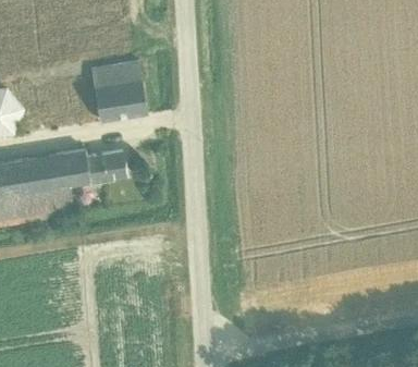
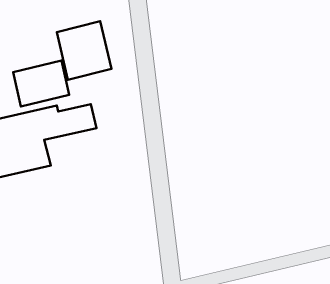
building: none -> [13,60,69,106]

